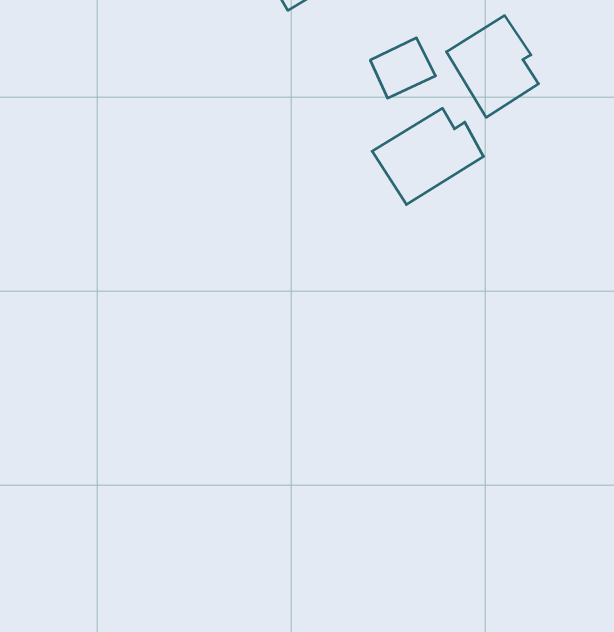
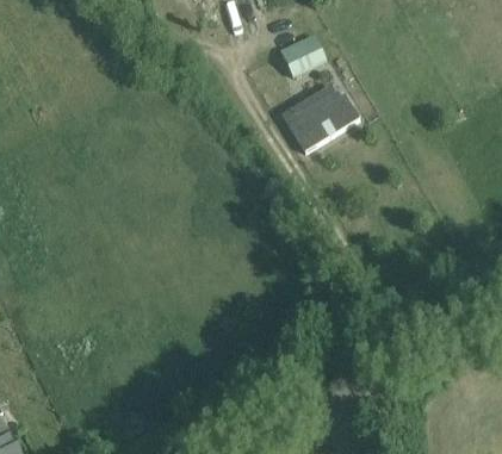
building: [446,16,539,117] -> none

